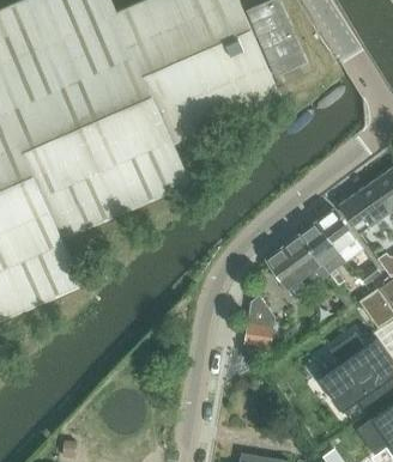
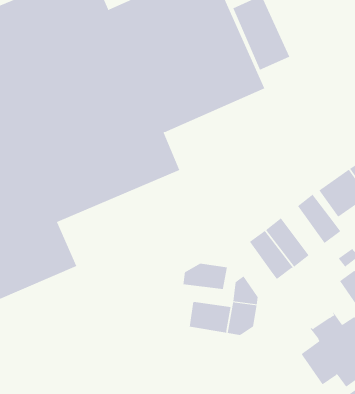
building: [298,221,344,273] -> none
building: none -> [183,263,227,290]
building: none -> [189,301,231,334]

